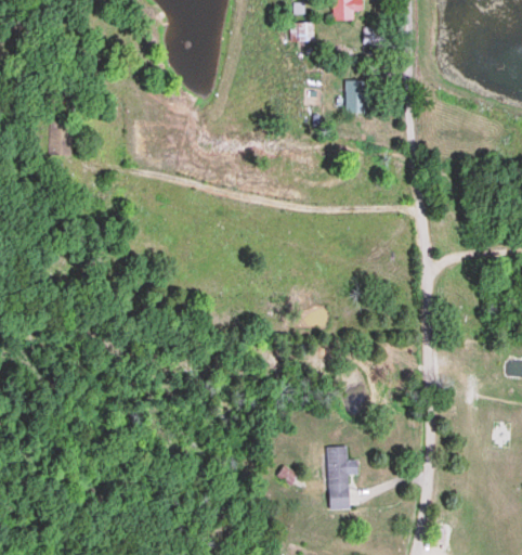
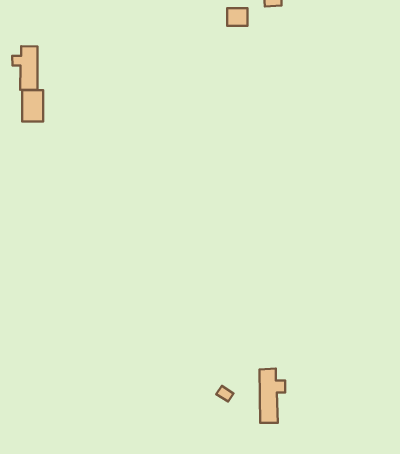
building: none -> [12,46,38,90]
building: [345,79,365,112] -> none

